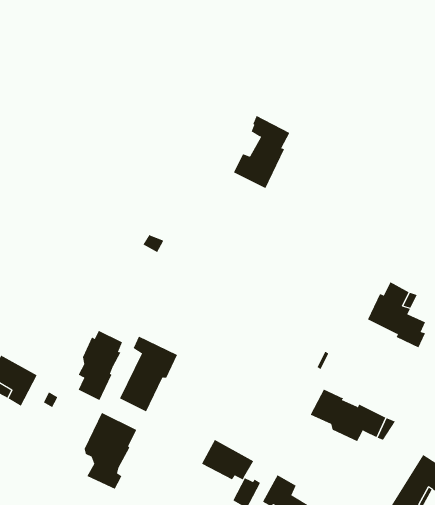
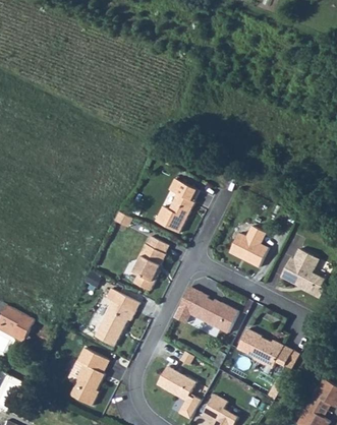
building: [233,115,290,189] -> [156,179,199,234]
building: none -> [231,227,271,268]
building: [78,330,123,401] -> [135,237,169,290]
building: none -> [190,293,239,333]

